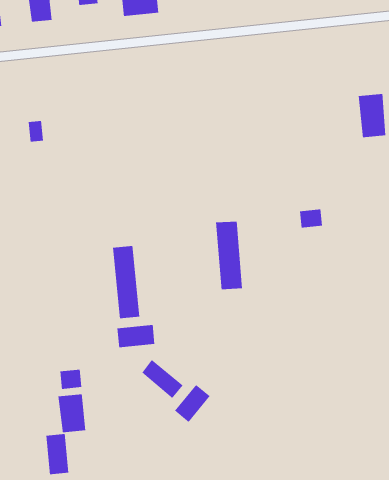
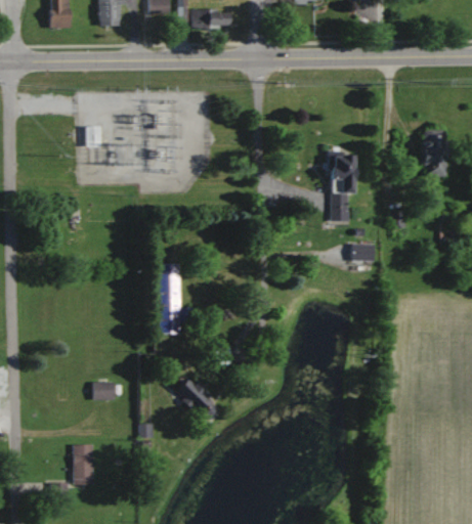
building: [215,221,243,290] -> [330,150,353,220]
building: [117,324,155,348] -> none
building: [174,384,211,423] -> none
building: [58,394,86,433] -> none

